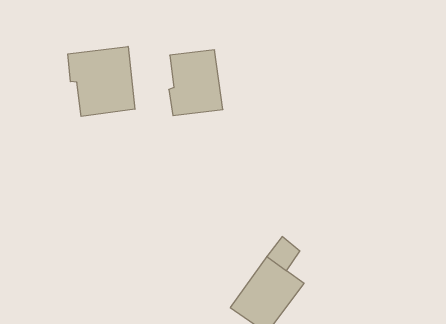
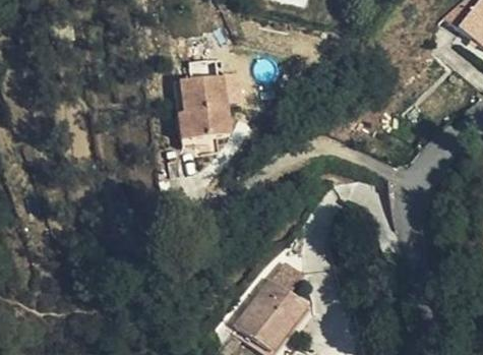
building: [68,46,135,116] -> none

